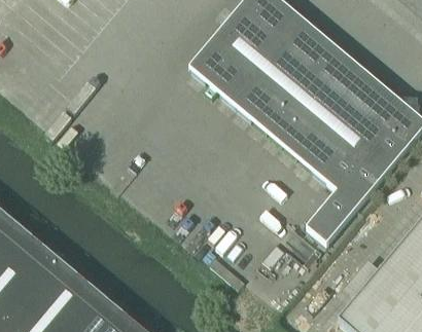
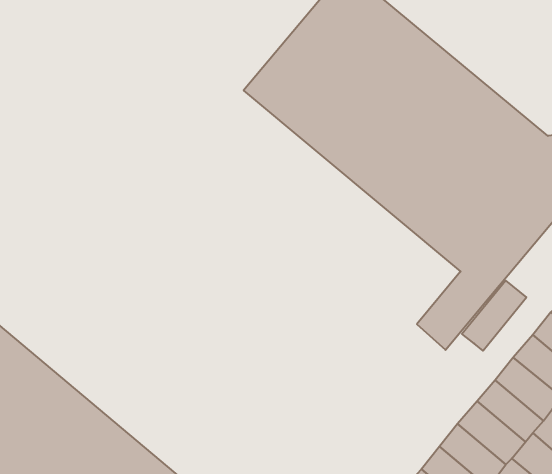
building: none -> [462,281,526,351]

